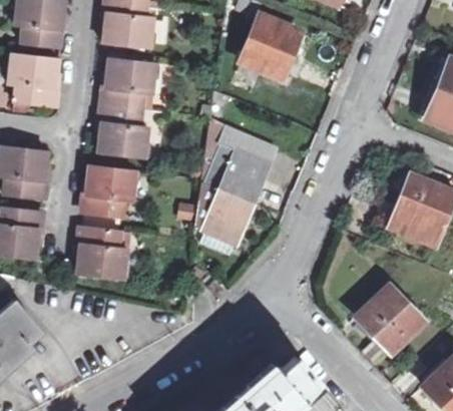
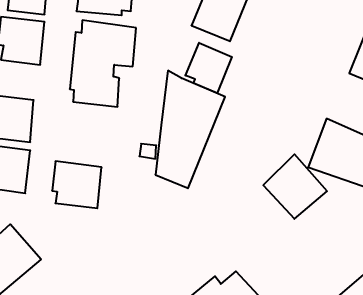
building: none -> [185,43,232,93]
building: [79,163,140,219] -> none
building: [345,285,421,362] -> [263,154,327,219]

